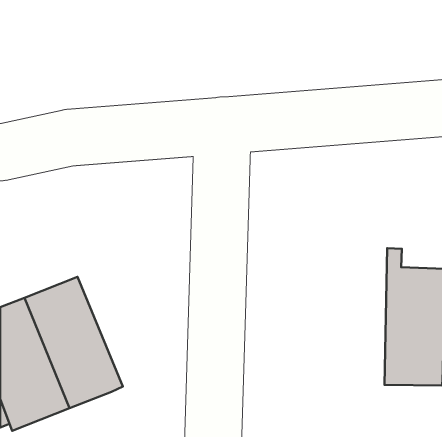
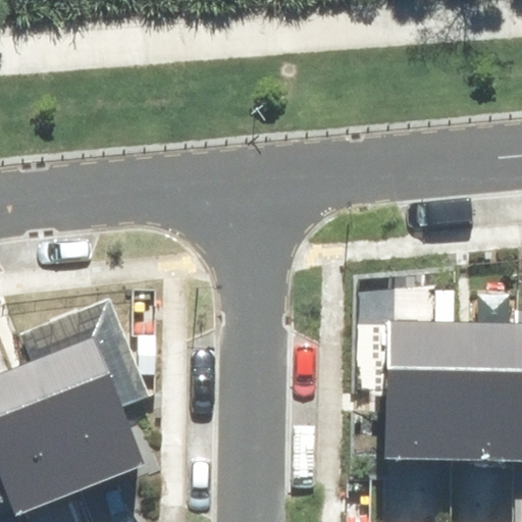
building: none -> [384,300,457,460]

